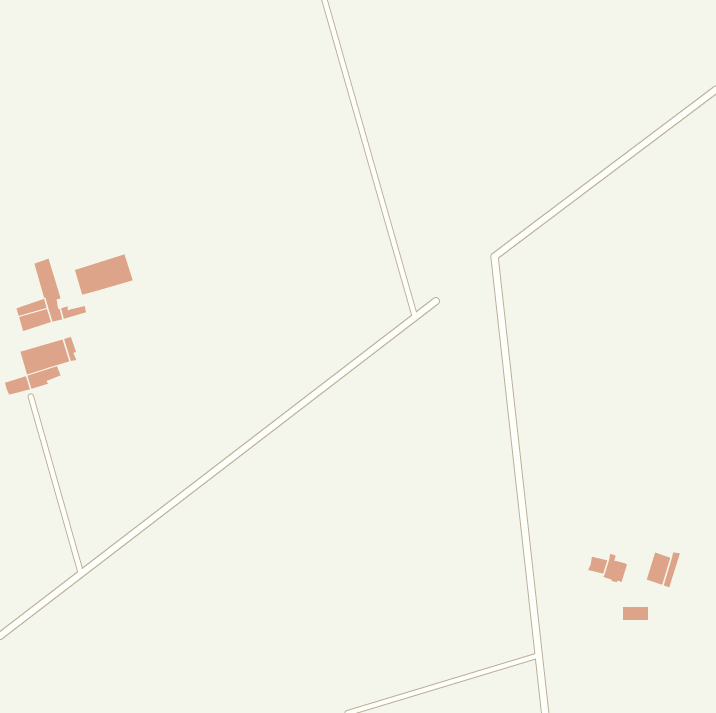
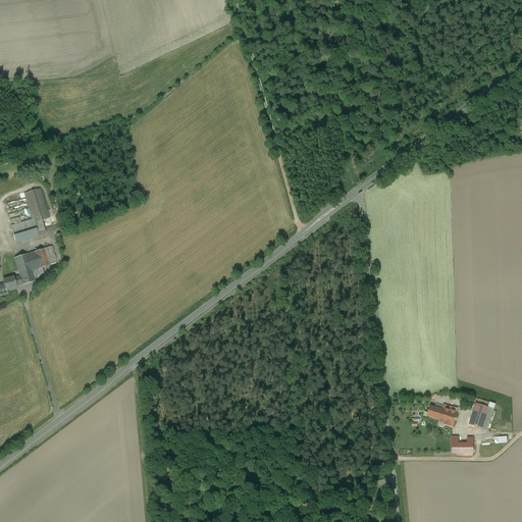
building: [74,254,133,295] -> none

